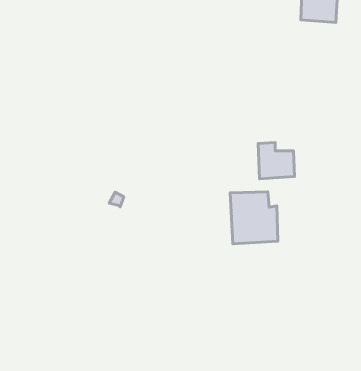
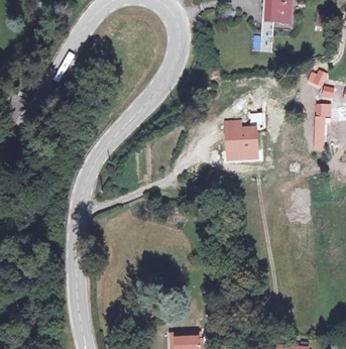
building: [230,192,278,244] -> none

